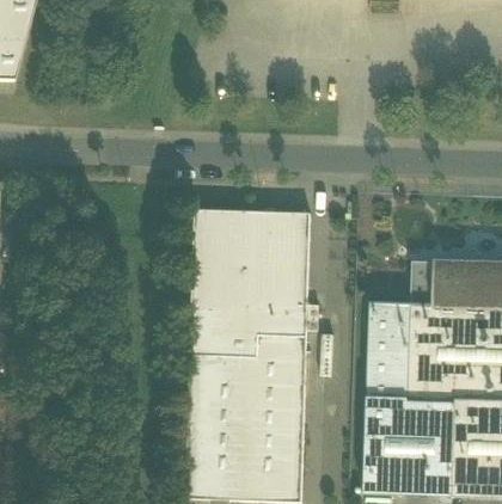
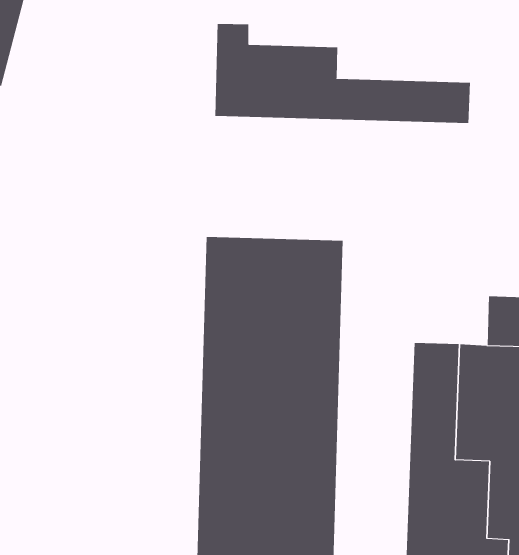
building: none -> [215,23,470,124]
building: [410,258,435,301] -> none

